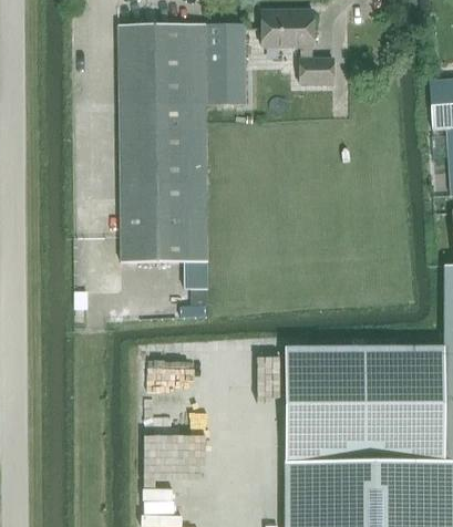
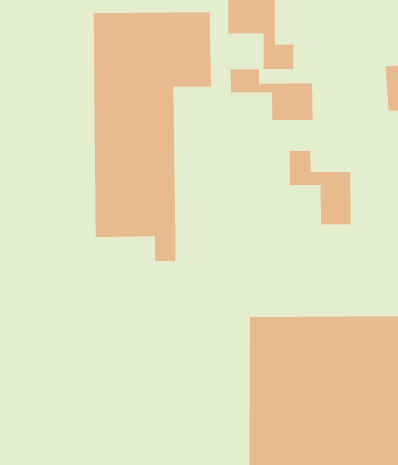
building: none -> [230,68,313,121]
building: none -> [289,150,351,225]

